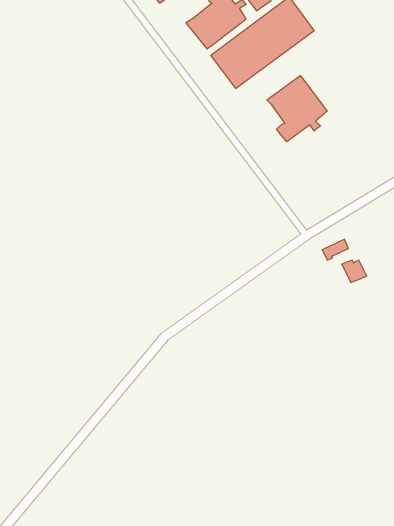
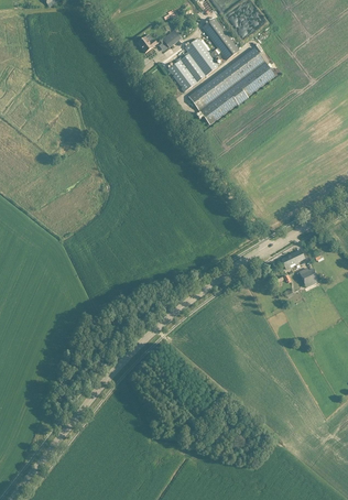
building: [267,76,327,142] -> none

